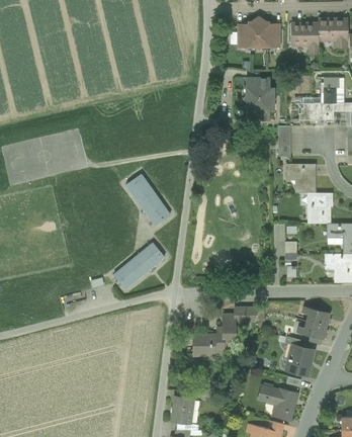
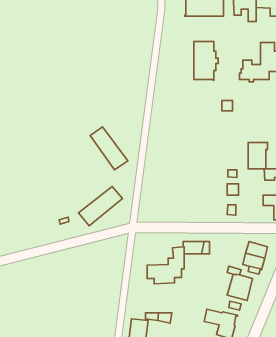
building: [285,165,315,193] -> none

